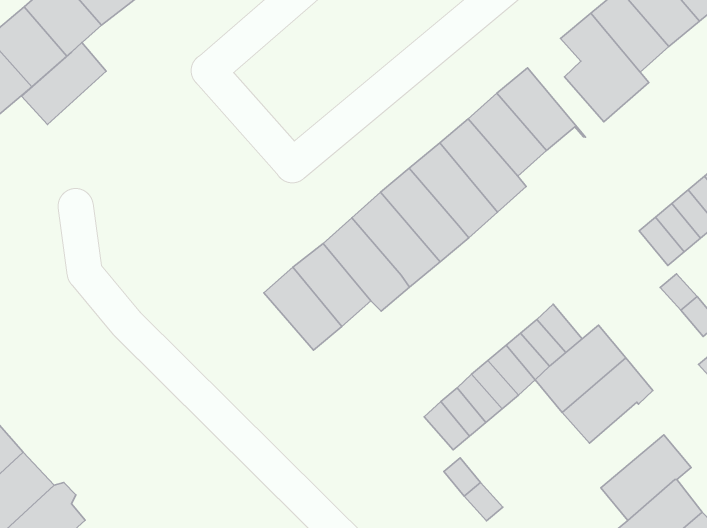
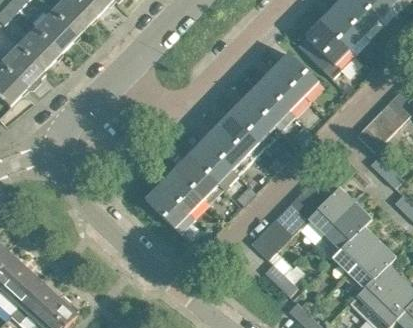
building: [22,43,106,125] -> none
building: none -> [145,185,189,233]
building: none -> [332,225,379,272]

